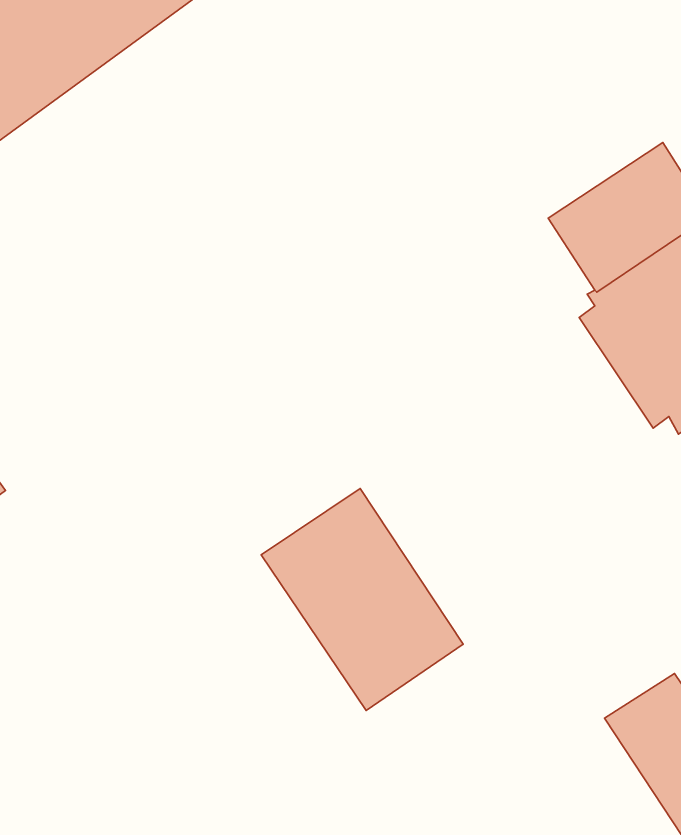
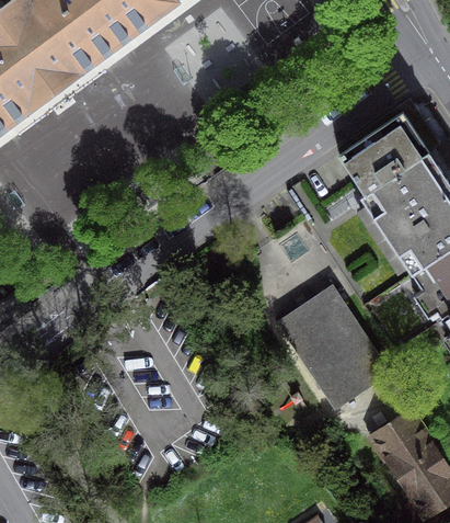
building: [261,489,463,710] -> [277,284,391,409]

